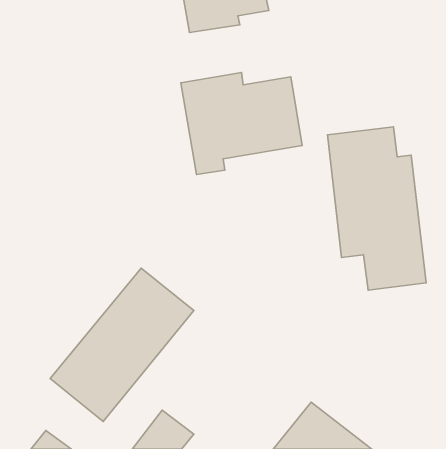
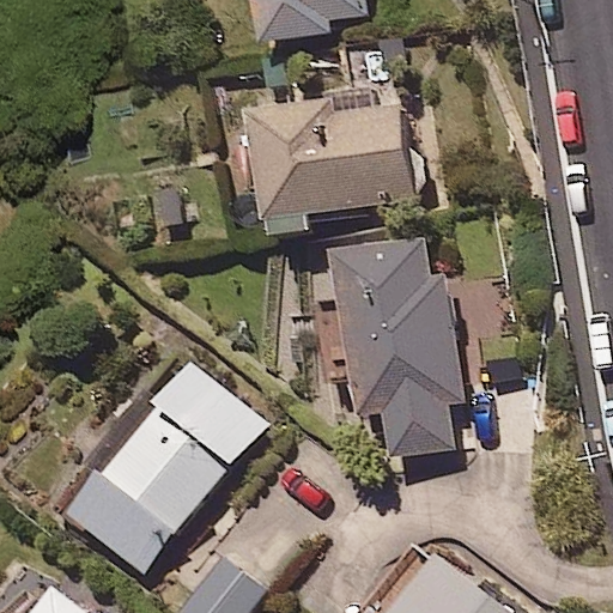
building: [328,127,426,290] -> [333,236,467,457]

